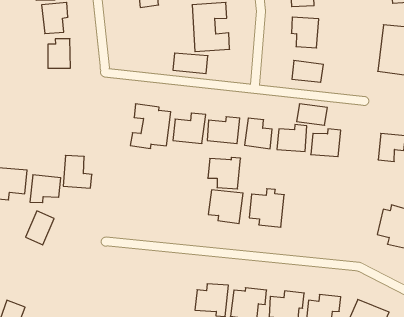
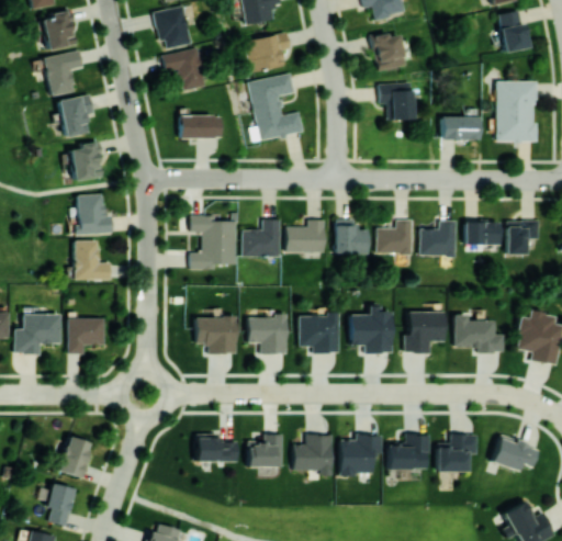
building: [173,53,208,74] -> [179,115,222,138]
building: [292,60,323,82] -> [441,116,480,140]
building: none -> [76,194,112,235]
building: [297,104,327,125] -> [464,222,502,246]
building: [63,155,92,188] -> [74,240,110,281]
building: [208,157,241,189] -> [247,314,286,354]
building: none -> [195,317,236,354]
building: none -> [403,312,445,353]
building: none -> [453,315,504,353]
building: [26,211,54,245] -> [57,436,91,478]
building: none -> [195,435,238,462]
building: none -> [247,435,283,467]

